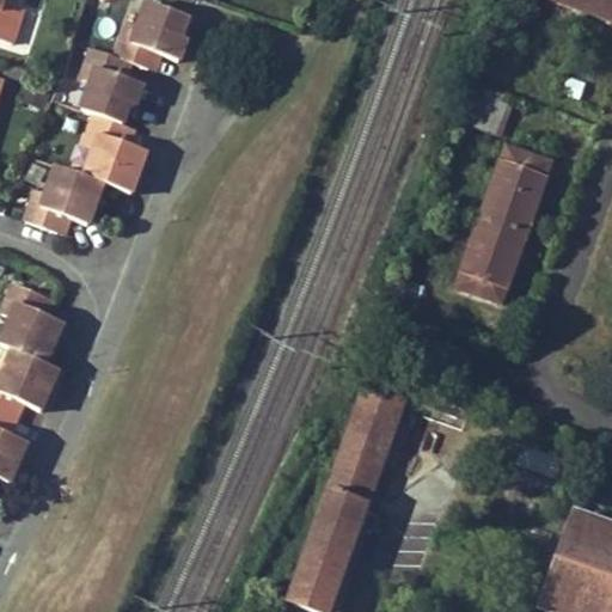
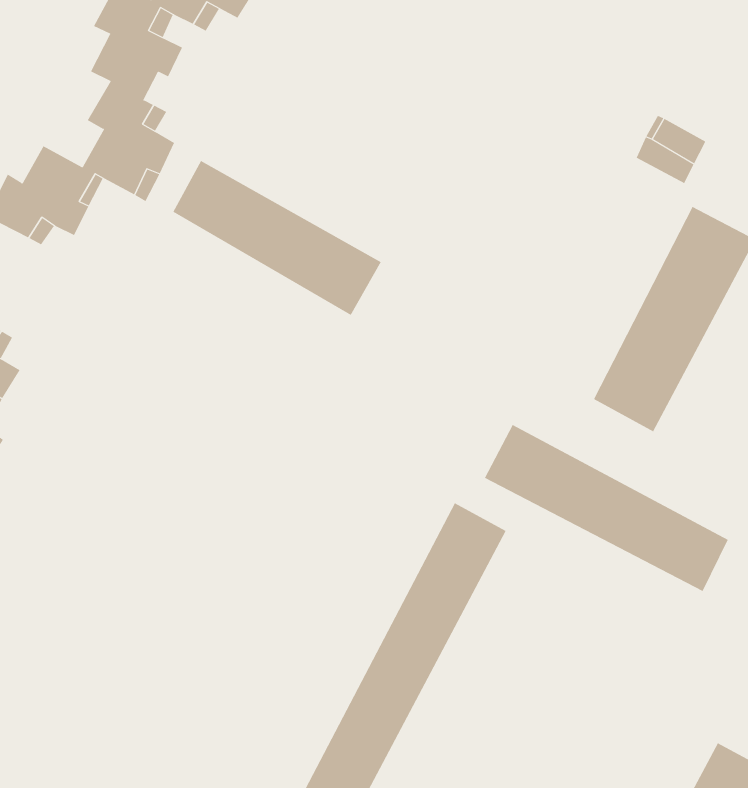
building: none -> [173,160,382,316]
building: none -> [484,424,729,592]

